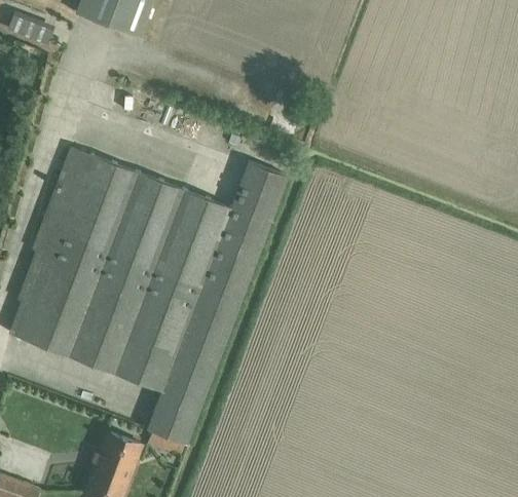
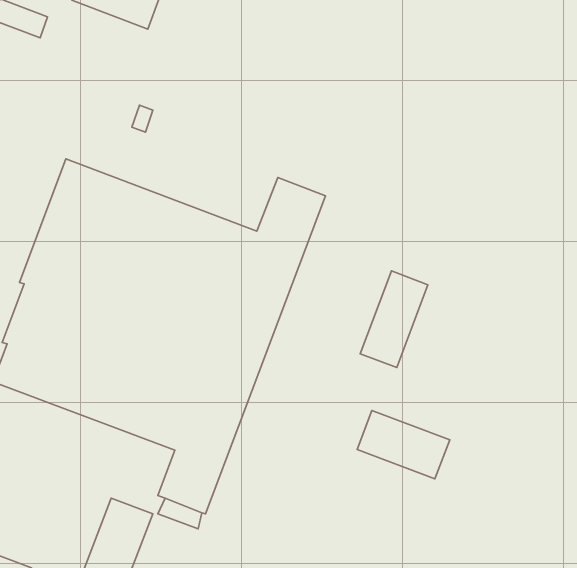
building: none -> [360,271,428,368]
building: none -> [357,411,450,479]

